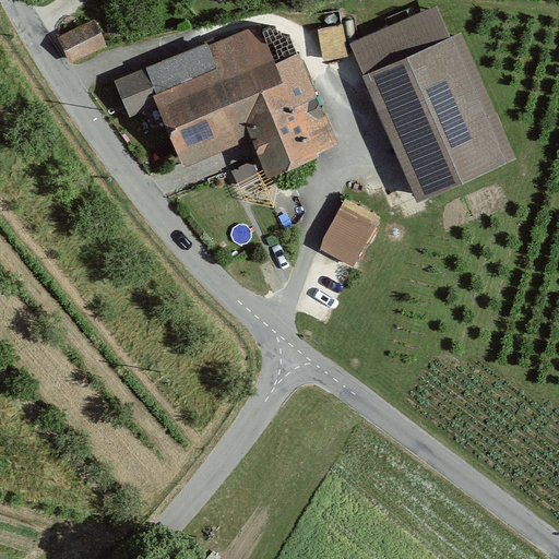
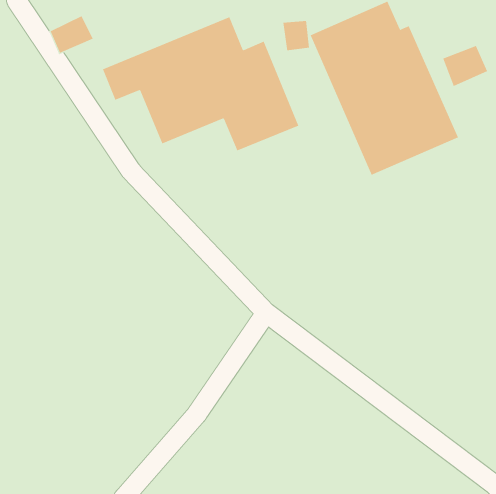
building: none -> [442,45,488,87]
building: [317,200,378,269] -> none

